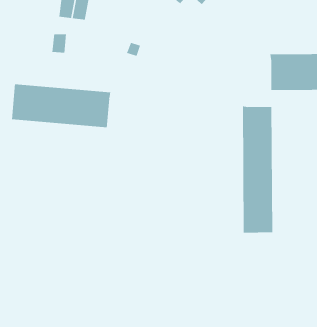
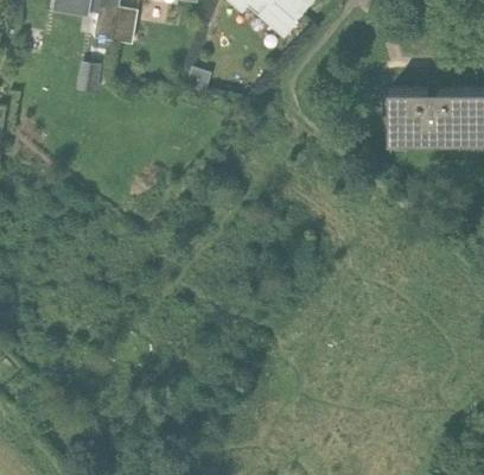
building: [12,83,111,128] -> none
building: [242,106,273,233] -> none

